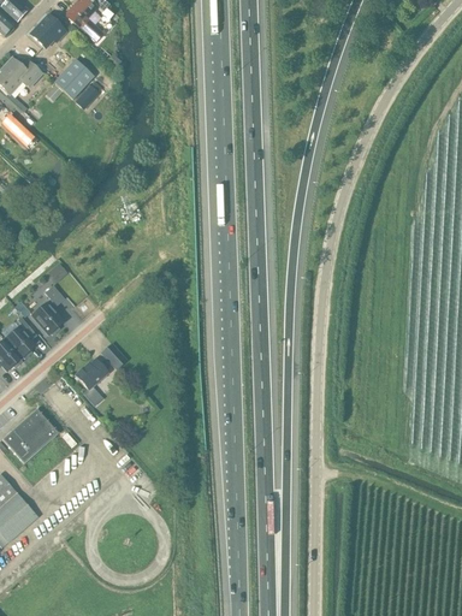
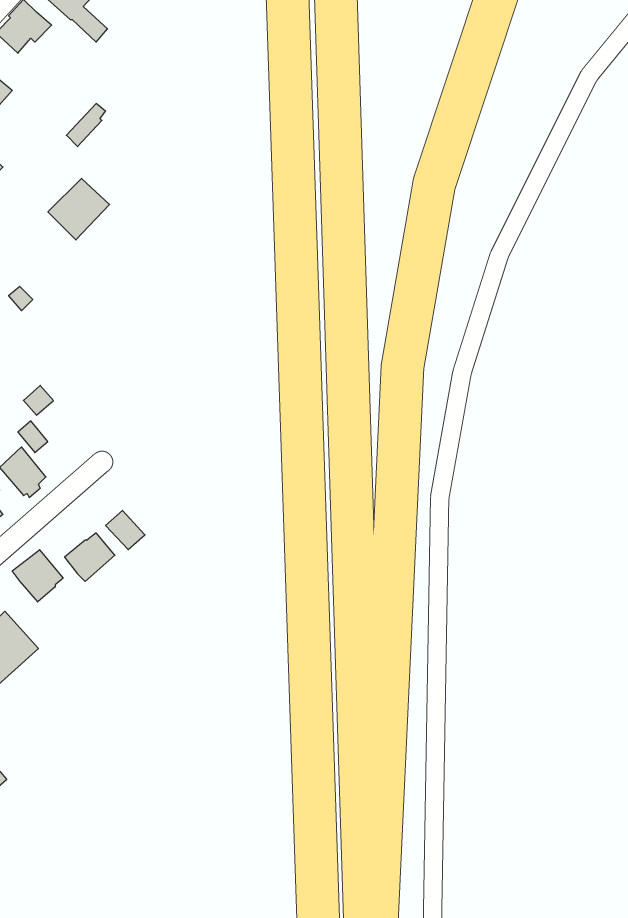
building: [54,59,94,99] -> [48,178,110,240]
building: none -> [12,550,63,602]

